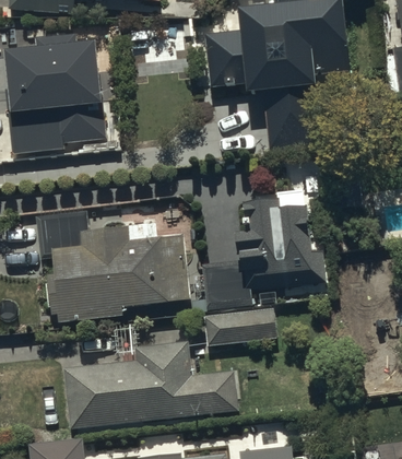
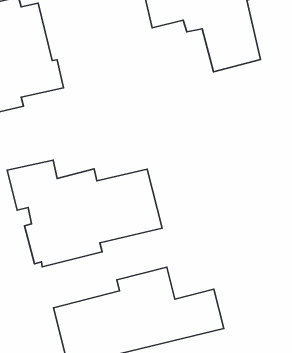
building: [204,198,327,306] -> none
building: [204,307,277,342] -> none

